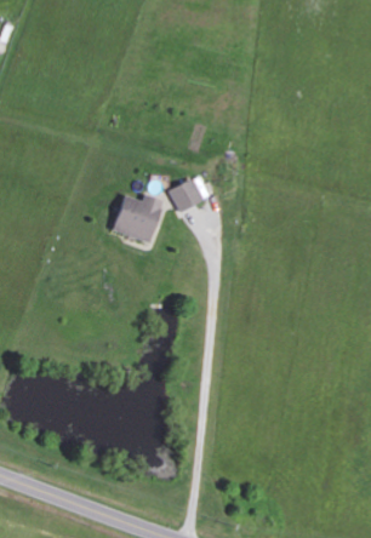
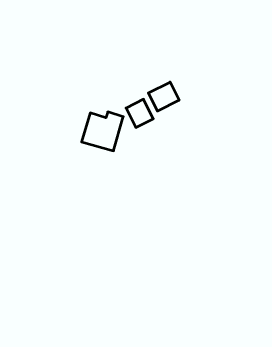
building: none -> [148,82,179,111]

